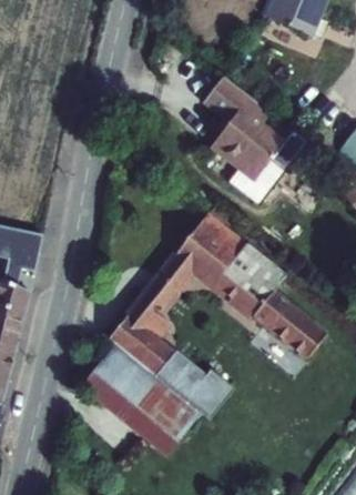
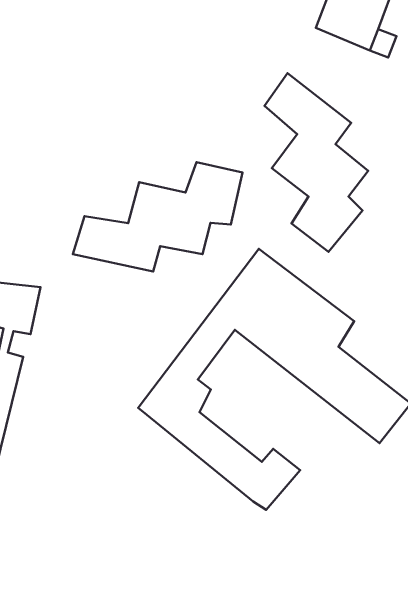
building: none -> [73,162,242,271]
building: [83,340,203,451] -> none

